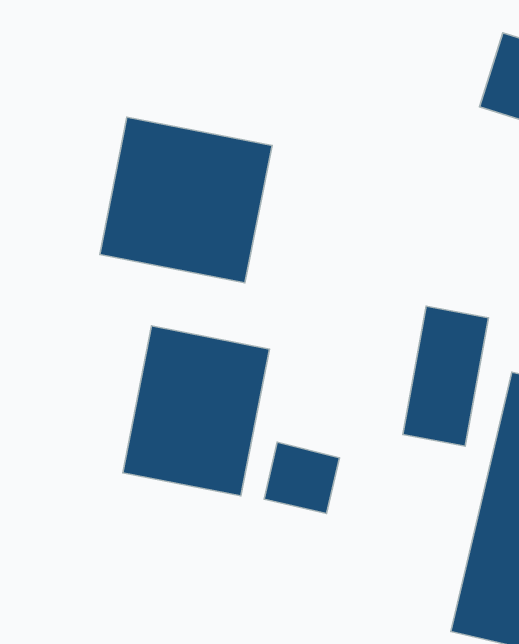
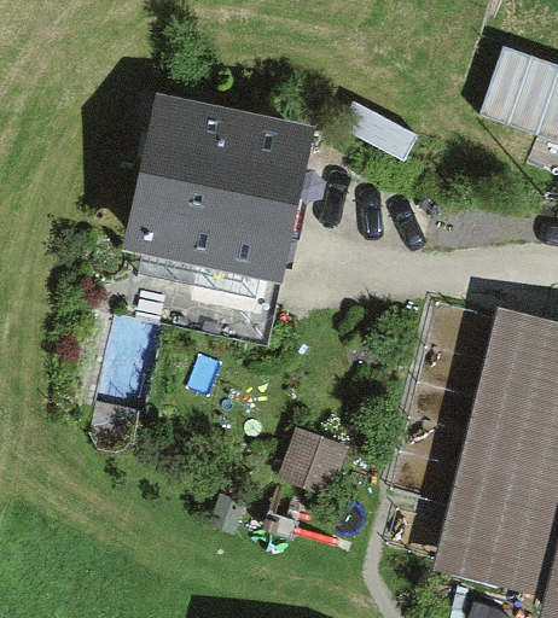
building: [123,326,269,496] -> none

